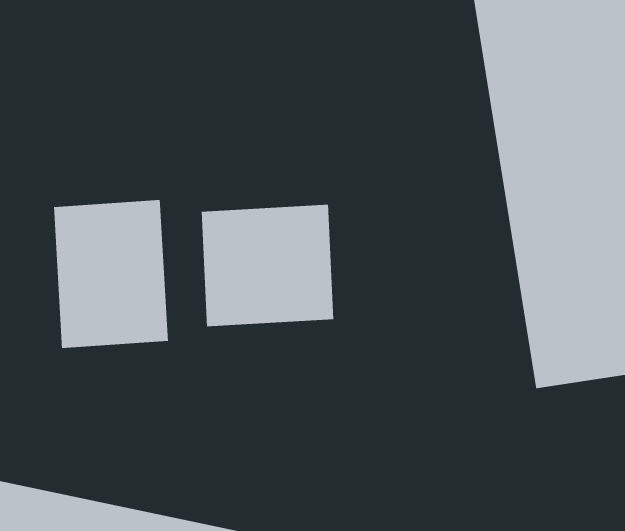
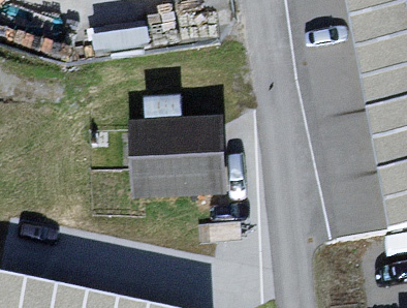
building: [53,199,168,349] -> none

